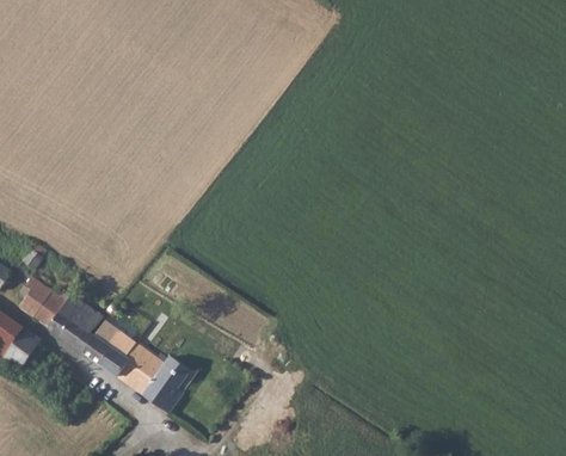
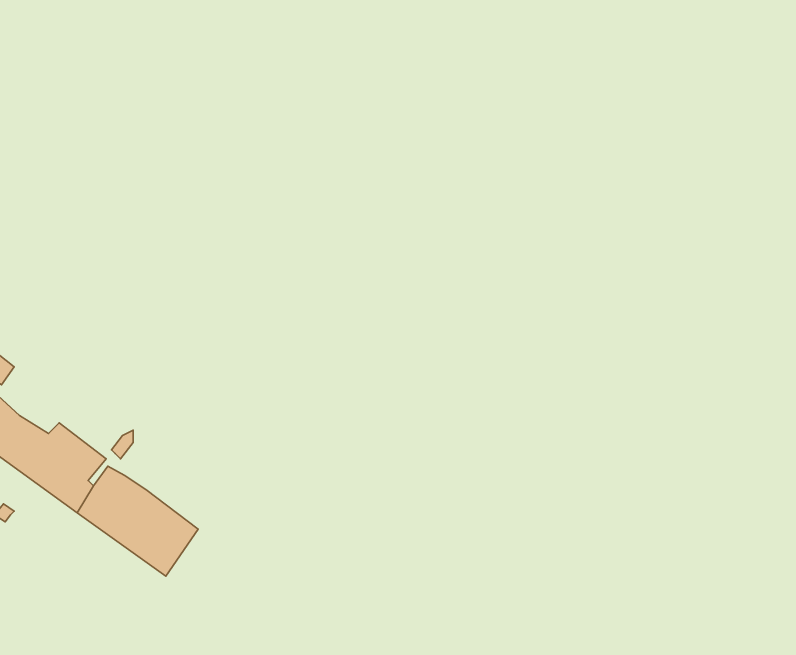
building: [143,363,186,412] -> none

